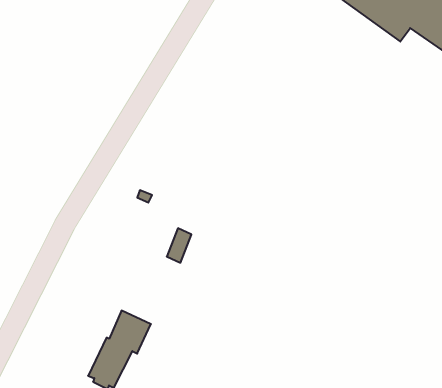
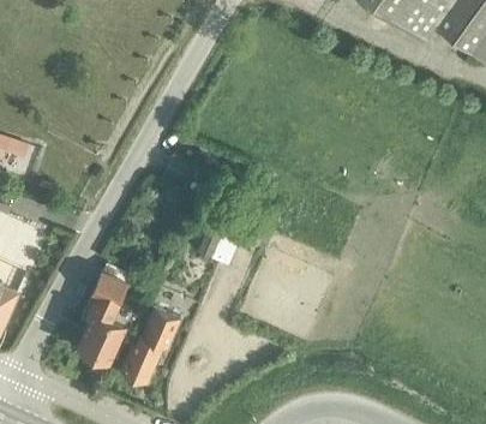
building: none -> [78,271,131,368]

